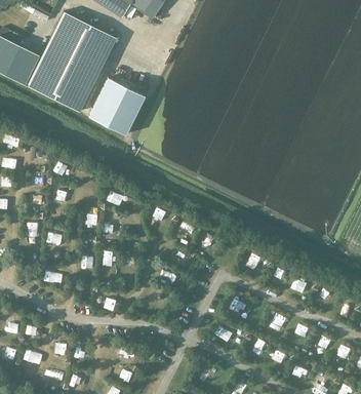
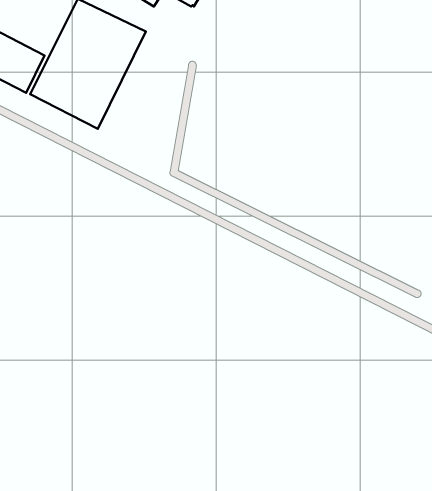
building: [88,76,145,134] -> none

